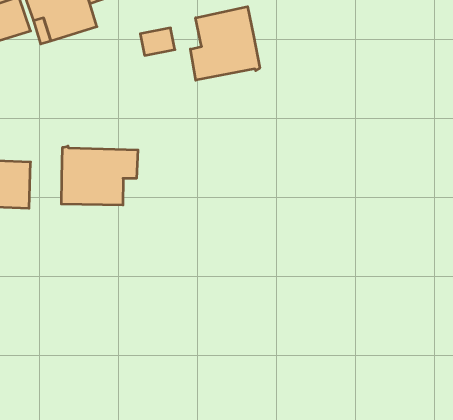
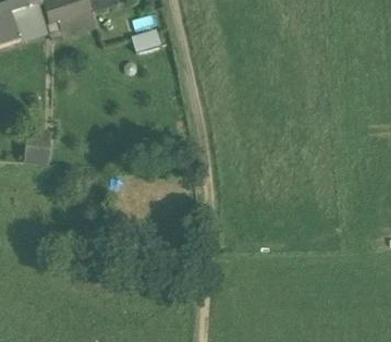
building: [190,7,260,80] -> none
building: [61,146,138,205] -> none

